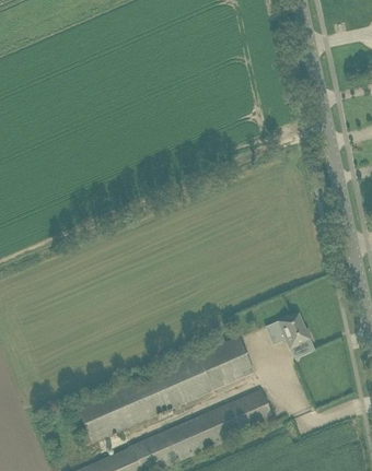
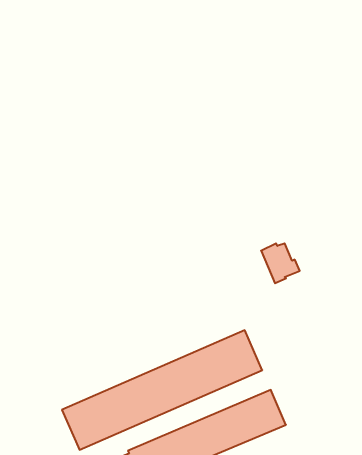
building: [277,314,311,349] -> [261,243,300,283]

